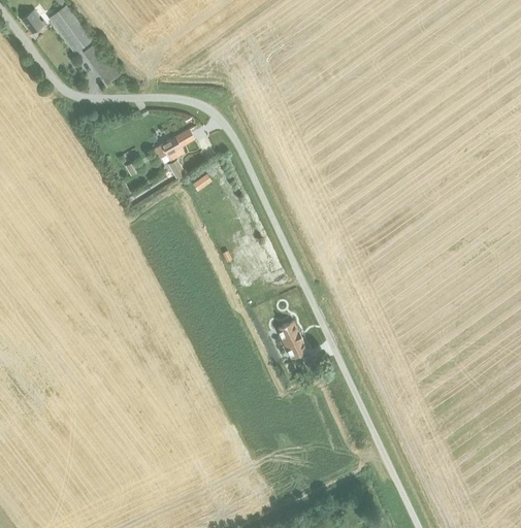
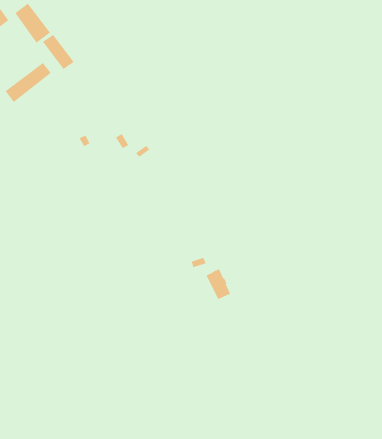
building: none -> [5,62,52,103]
building: [154,128,194,160] -> none

